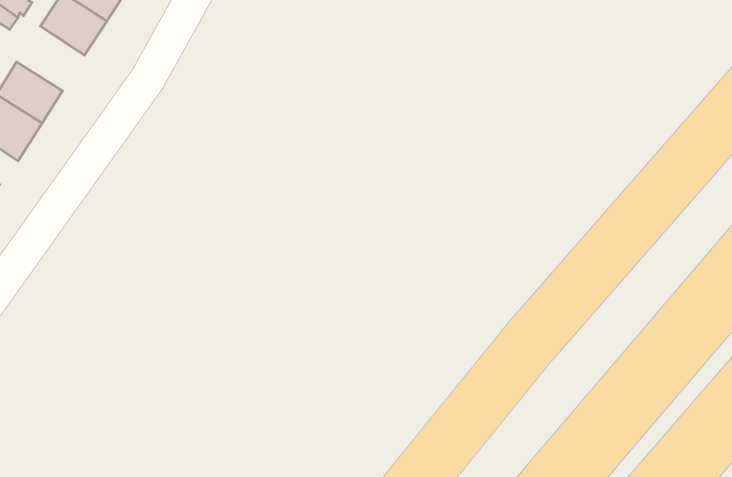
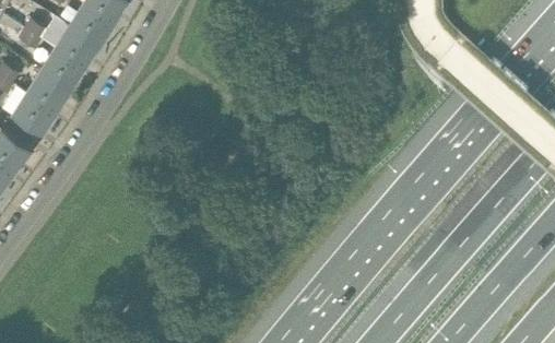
building: none -> [39,50,83,92]

